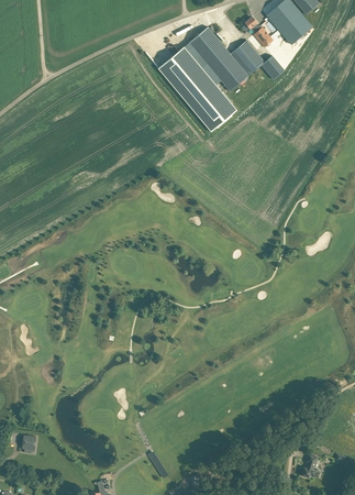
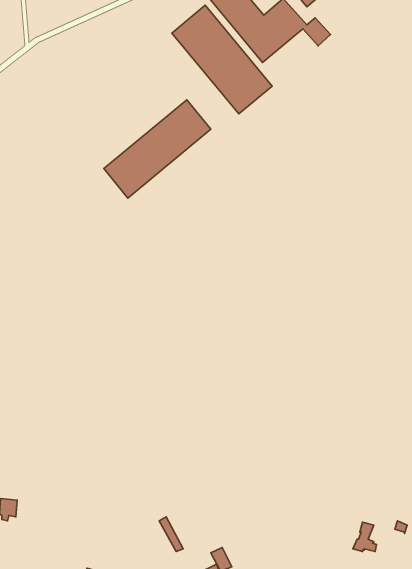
building: none -> [104,100,211,198]

